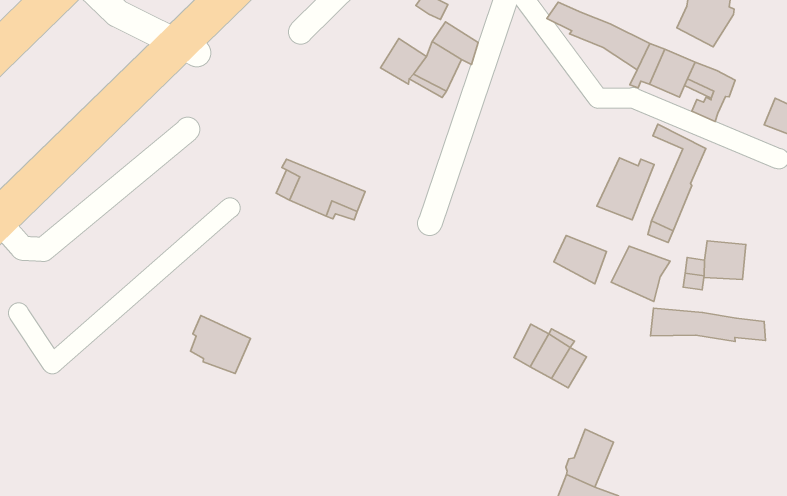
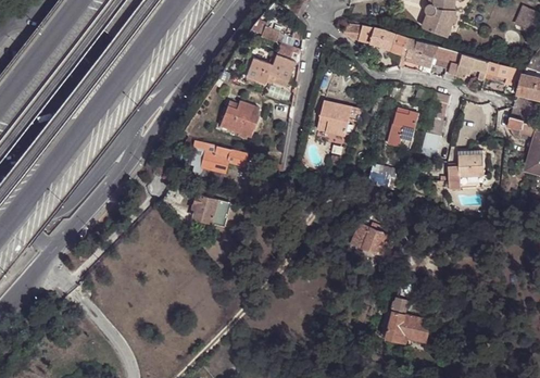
building: none -> [455,54,489,81]
building: none -> [219,101,259,139]
building: none -> [314,101,359,137]
building: [611,246,670,302] -> none
building: [651,308,766,341] -> none
building: [190,315,251,373] -> [192,193,228,226]

